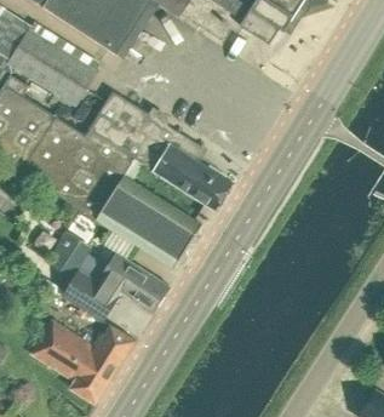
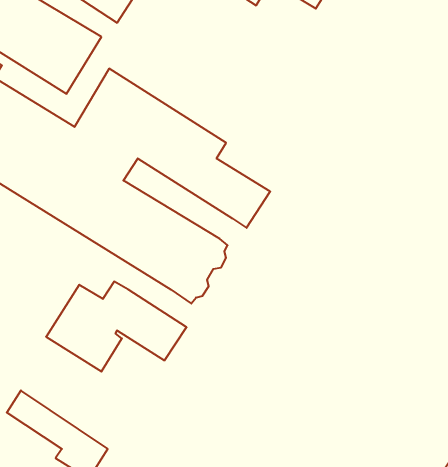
building: [46,230,91,278] -> none
building: [42,320,134,381] -> none

